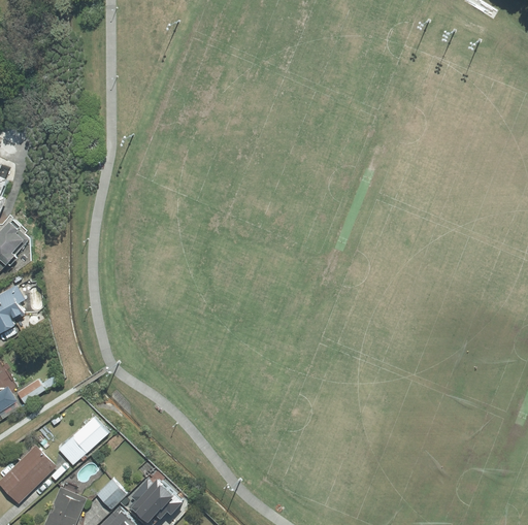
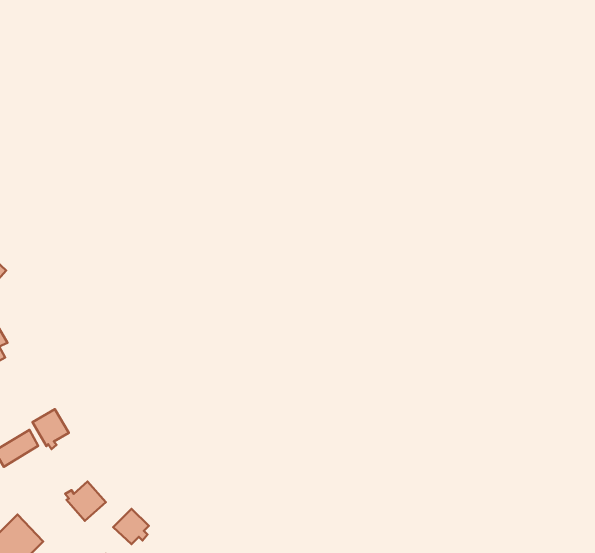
building: none -> [32,409,69,449]
building: [57,435,87,465] -> [113,509,149,544]

